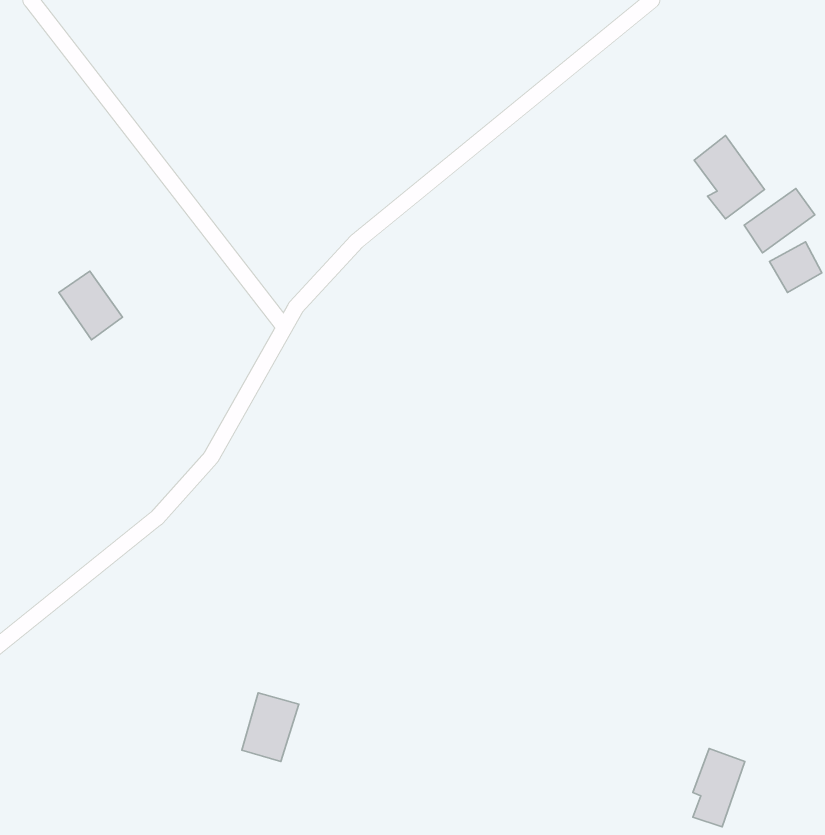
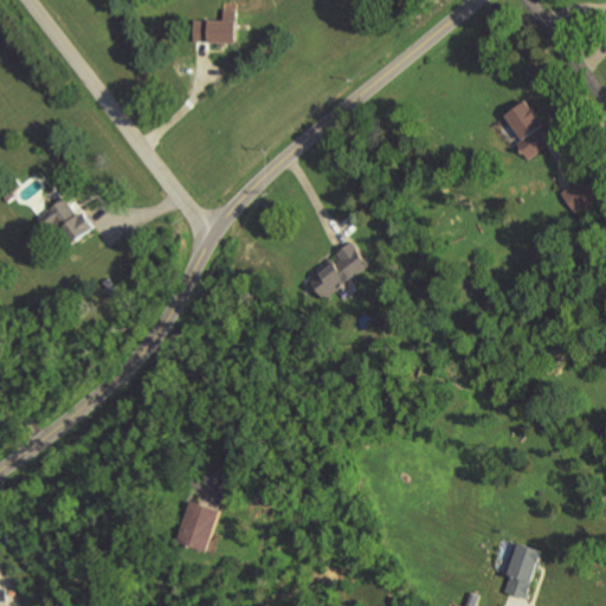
building: none -> [189,9,233,43]
building: [744,189,815,253] -> none
building: none -> [308,243,366,299]

